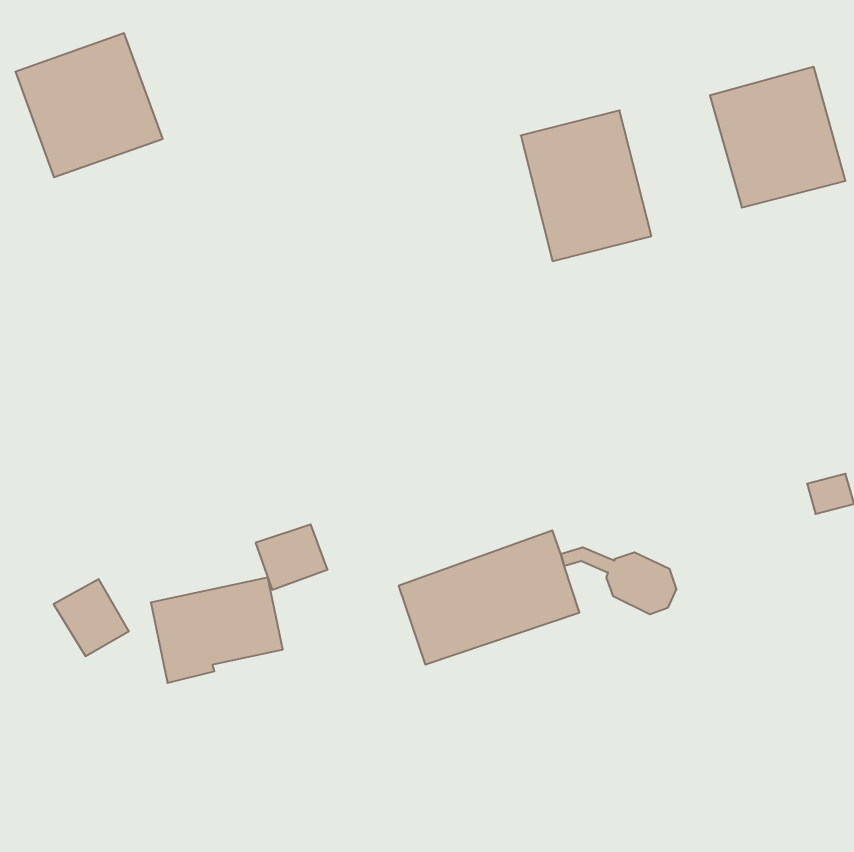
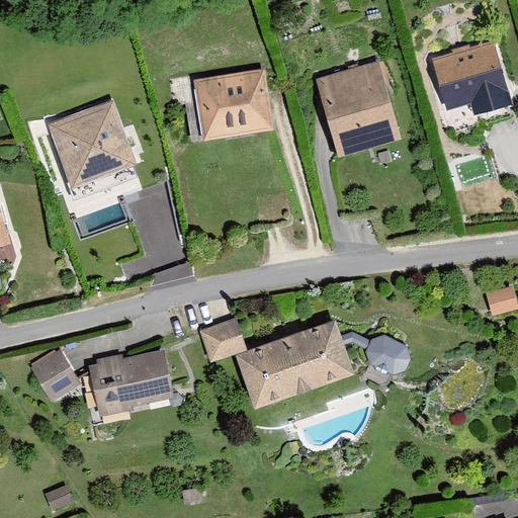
building: [15,33,163,177] -> [48,98,137,185]
building: none -> [191,76,266,144]
building: [256,524,328,590] -> [200,319,244,358]

